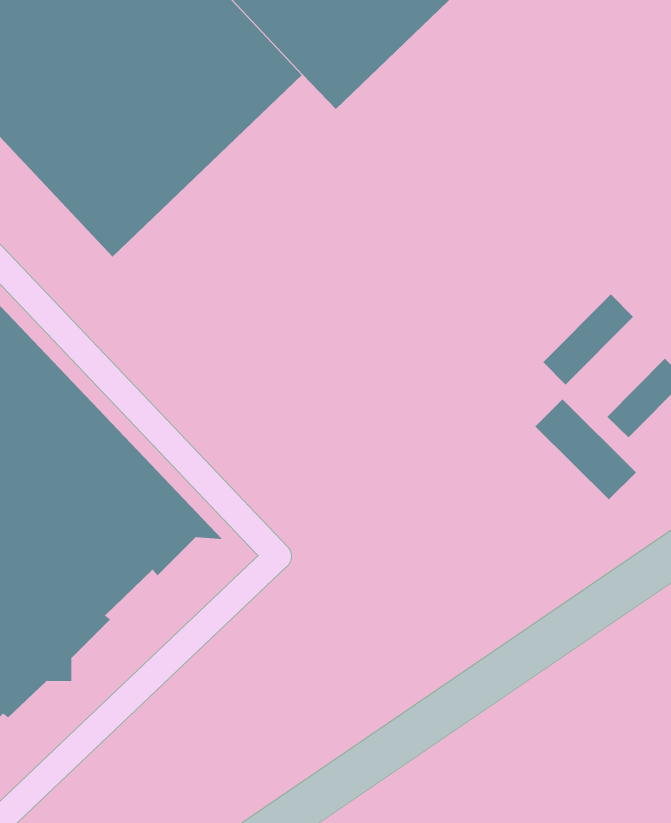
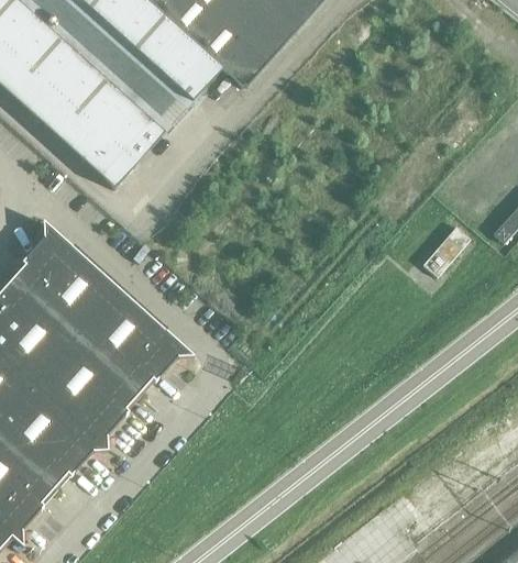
building: [542,293,634,386] -> none
building: [535,399,637,500] -> none

